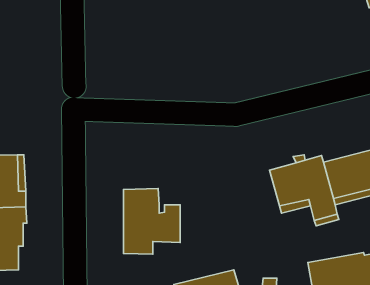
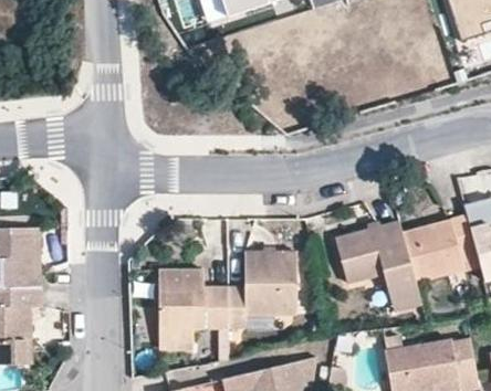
building: none -> [229,247,296,327]

